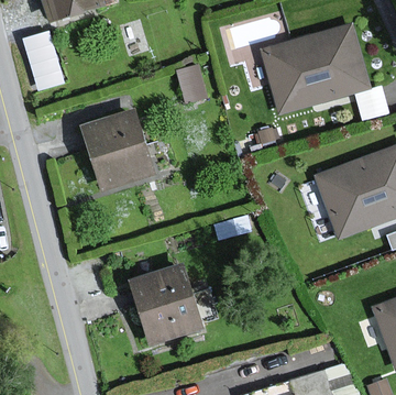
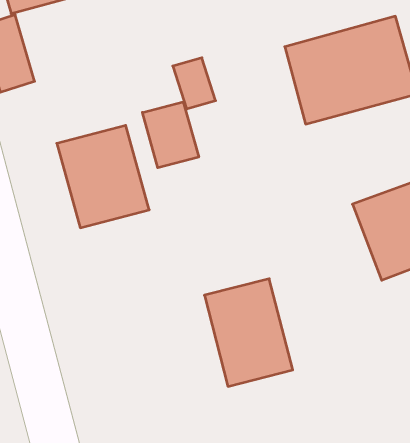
building: none -> [142,102,199,168]
building: [128,264,198,350] -> [204,279,293,386]

